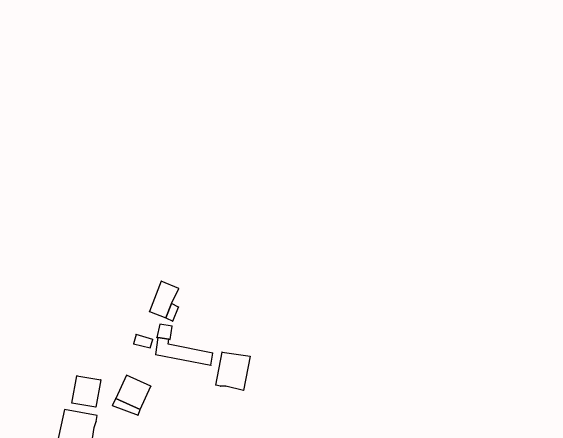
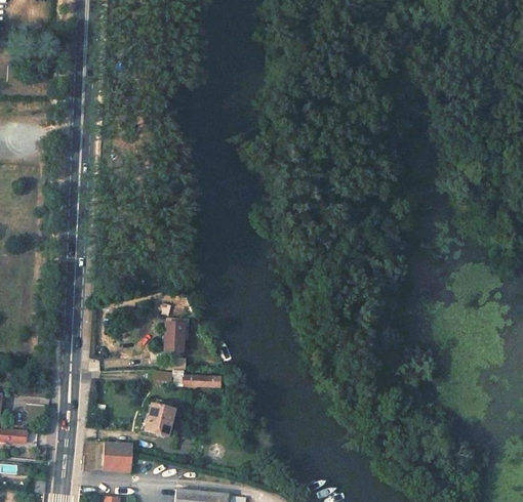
building: [216,352,250,390] -> none
building: [72,376,101,407] -> none

